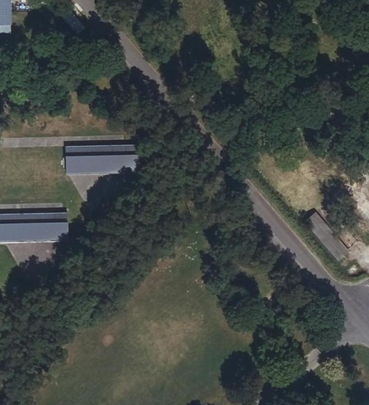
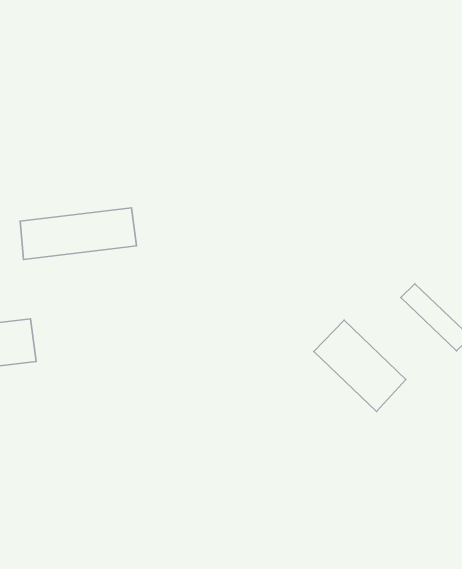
building: none -> [314,320,406,411]

